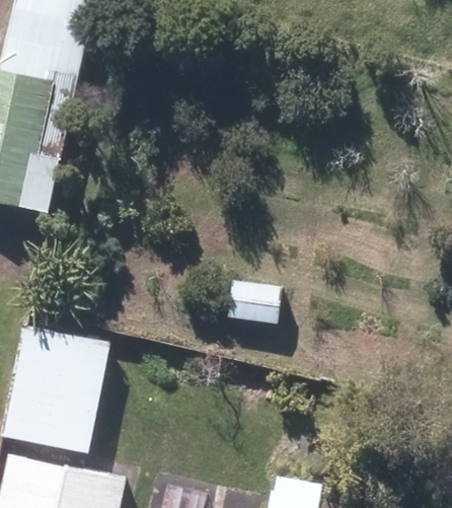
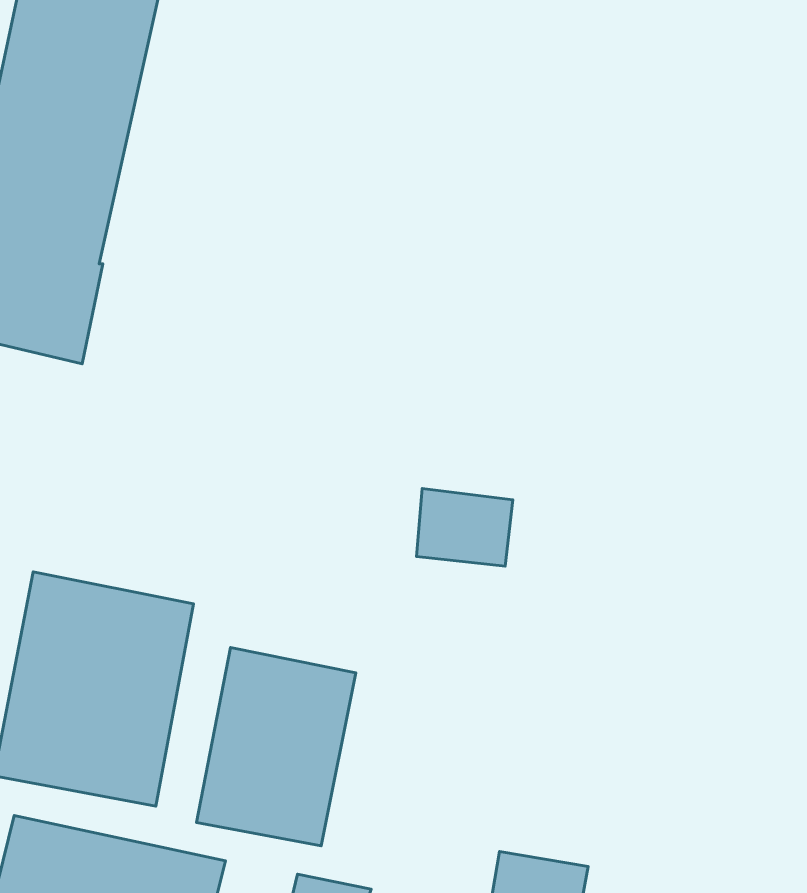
building: none -> [196,647,356,846]

